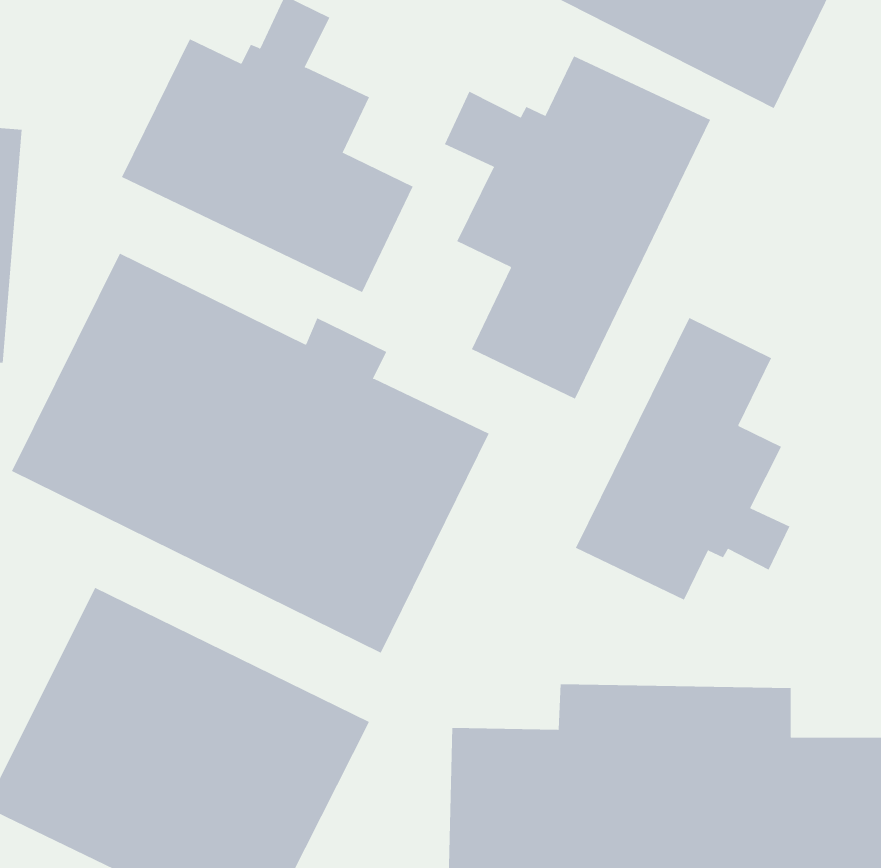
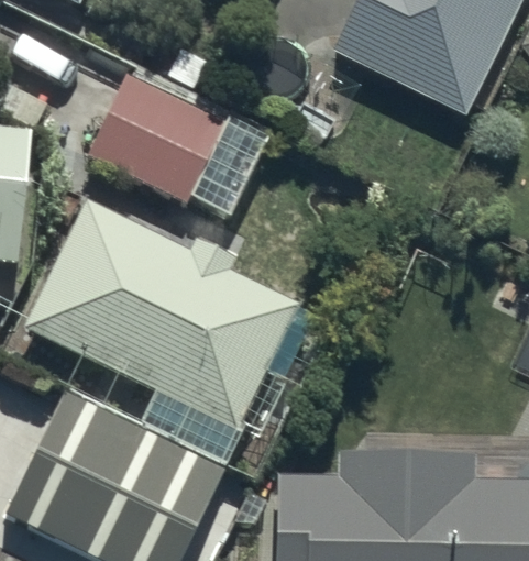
building: [444,55,711,400] -> none
building: [575,317,790,600] -> none

